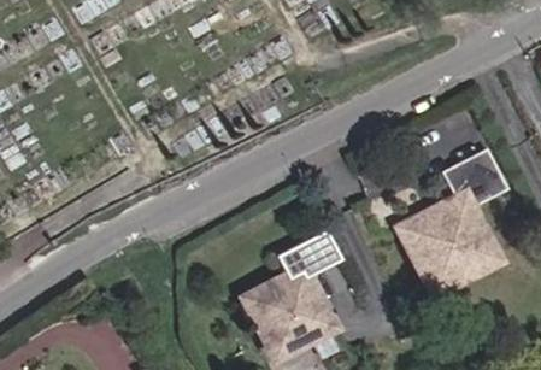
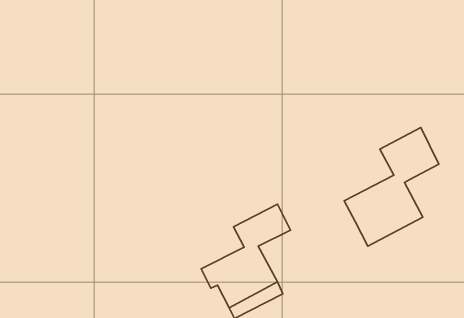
building: [396,202,504,296] -> none

